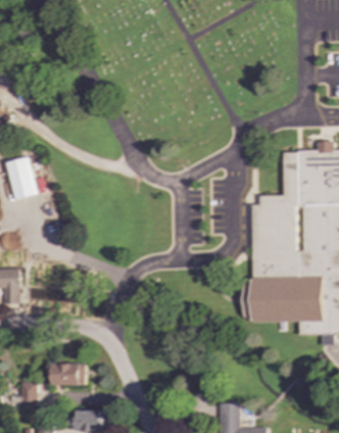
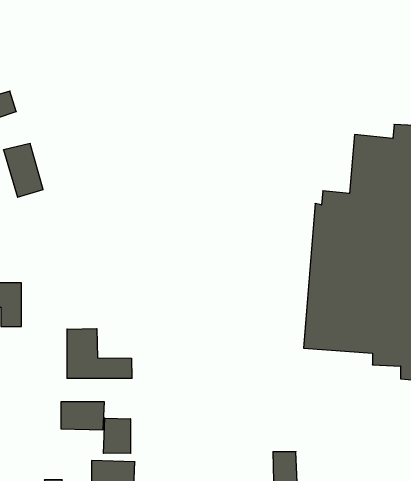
building: none -> [67,329,132,378]
building: none -> [104,418,131,453]
building: [9,382,36,406] -> none

